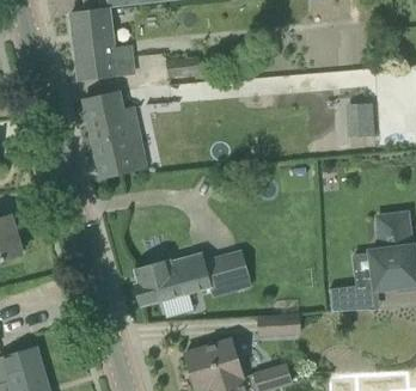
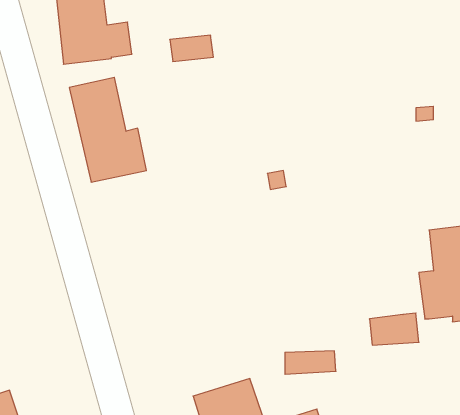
building: [134,249,252,306] -> none

